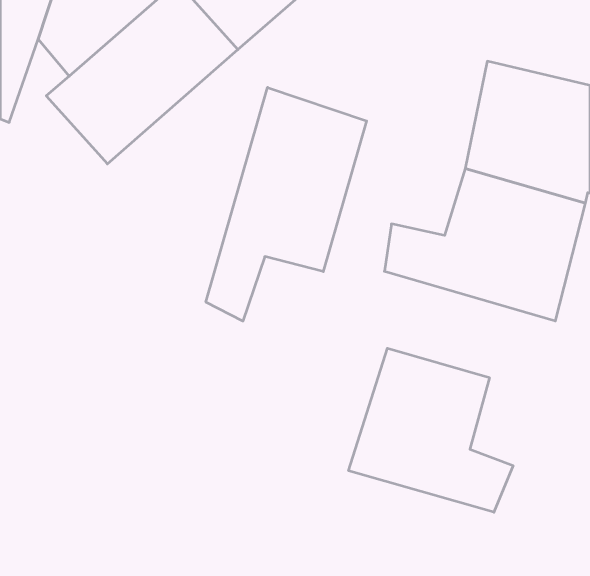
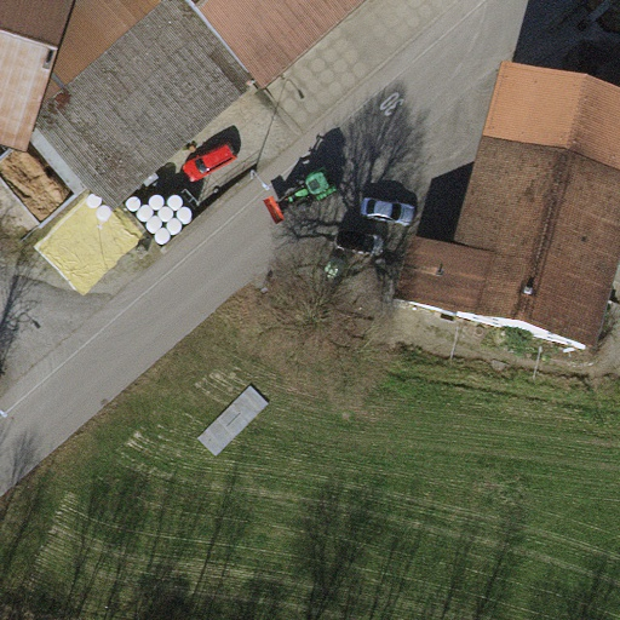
building: [206,87,367,321] -> none
building: [349,348,513,512] -> none

